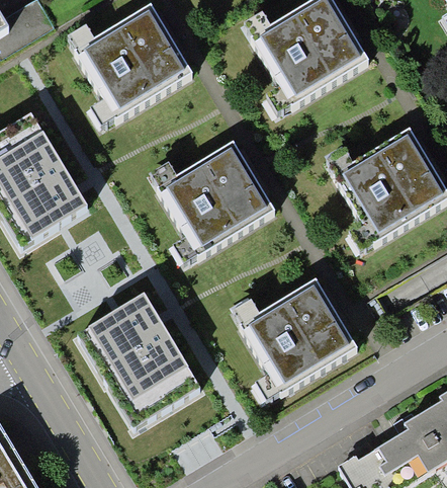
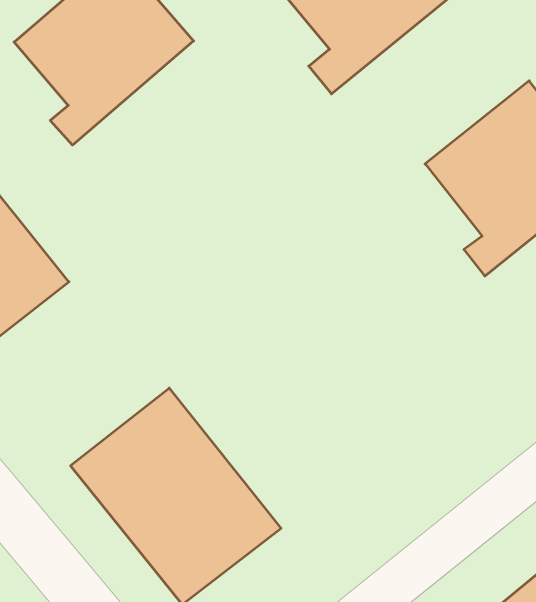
building: [155,140,275,263] -> none
building: [238,277,356,402] -> none

